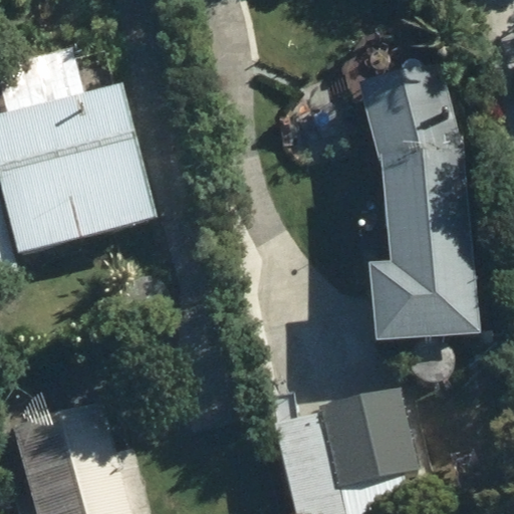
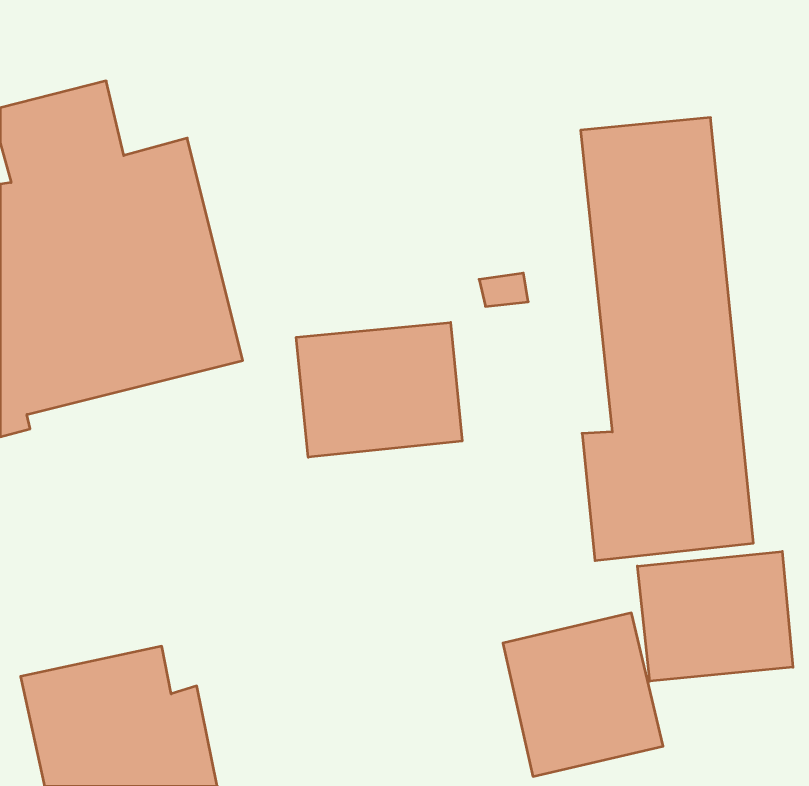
building: none -> [296,322,462,457]
building: none -> [637,551,793,681]

